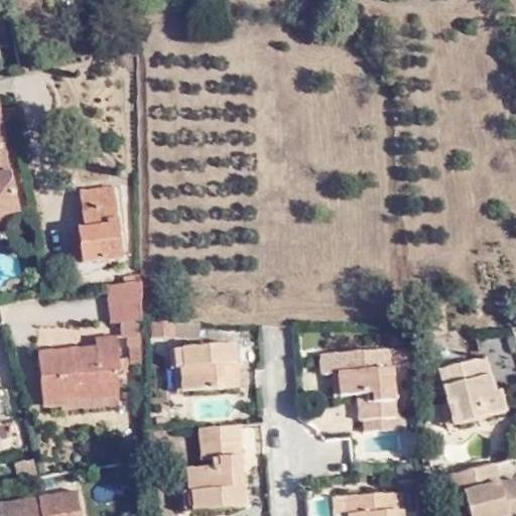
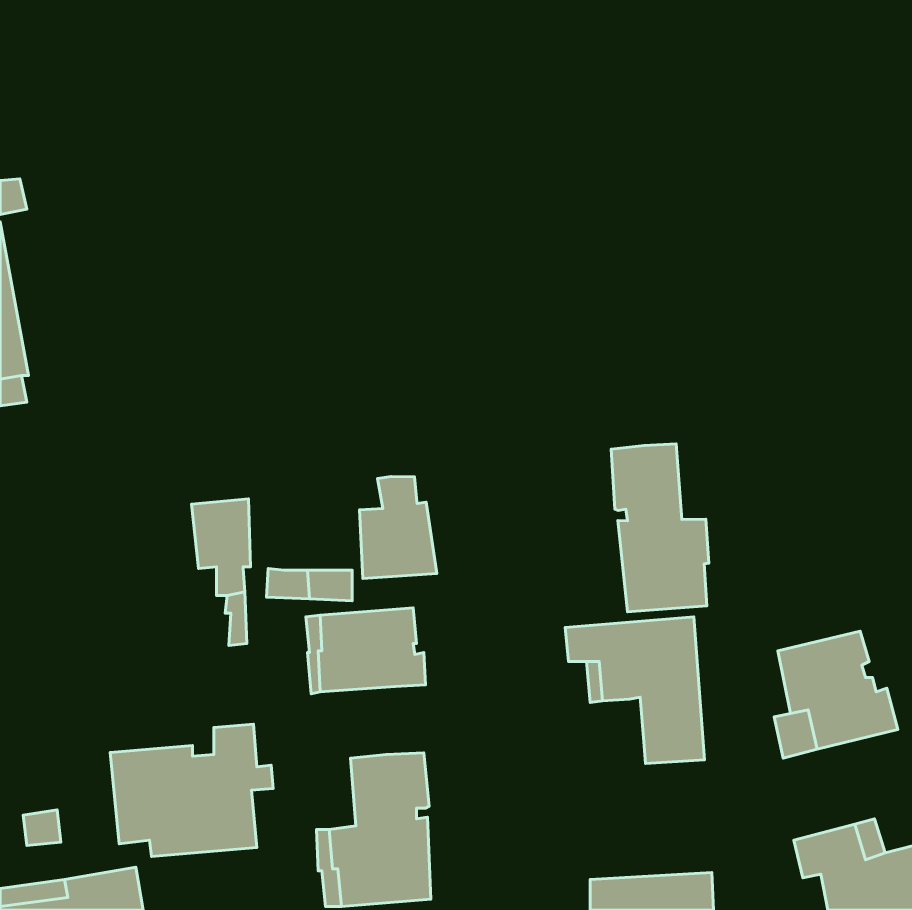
building: [79,186,122,262] -> none
building: none -> [611,444,709,612]
building: none -> [360,477,437,578]
building: [37,335,129,409] -> [110,724,273,856]

